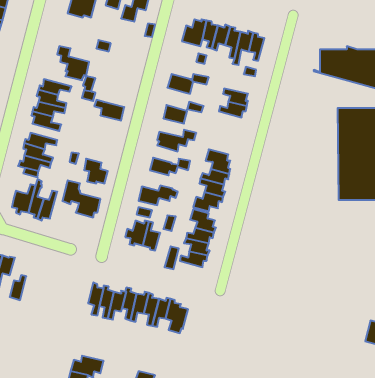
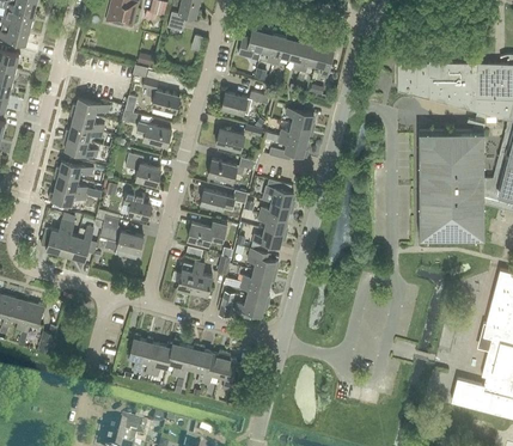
building: [57,46,89,80] -> [142,78,179,117]
building: none -> [270,135,307,160]
building: none -> [126,153,161,184]

